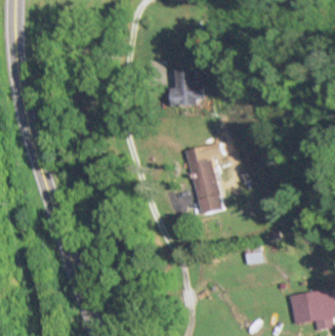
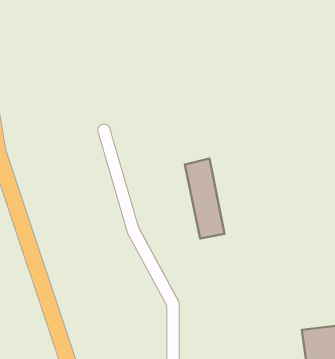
building: [170,69,205,104] -> none

